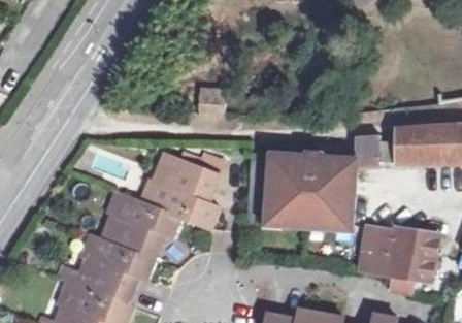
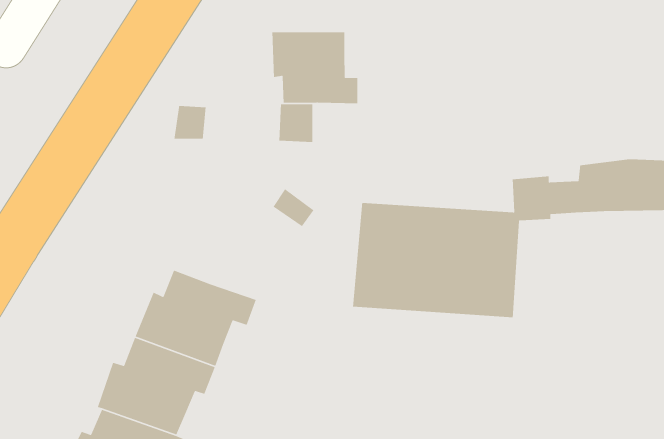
building: none -> [271,32,358,104]
building: [153,156,221,227] -> none
building: [363,222,438,292] -> none

